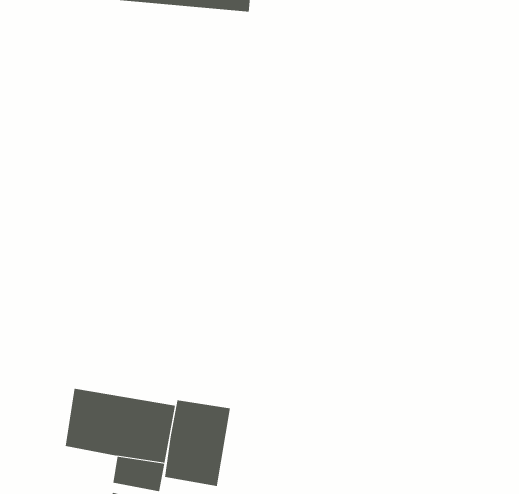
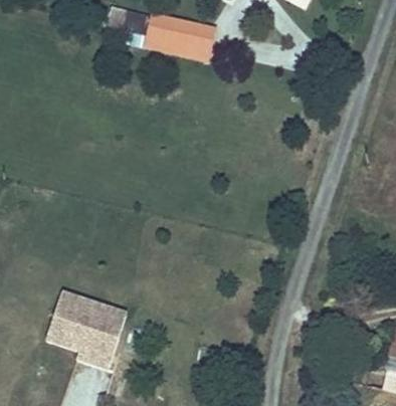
building: [164,400,230,487] -> none

